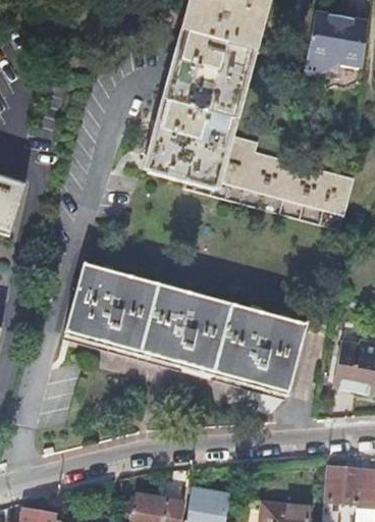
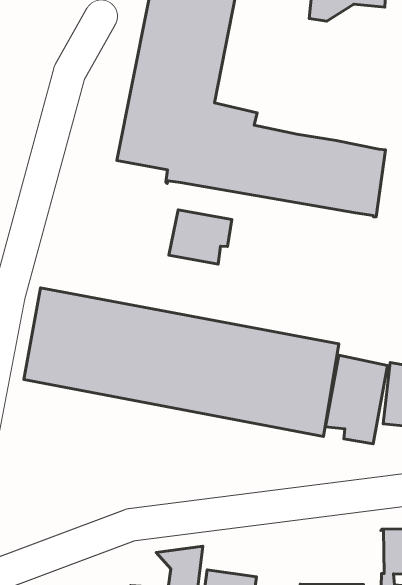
building: none -> [169,210,232,264]
building: none -> [325,355,387,444]

